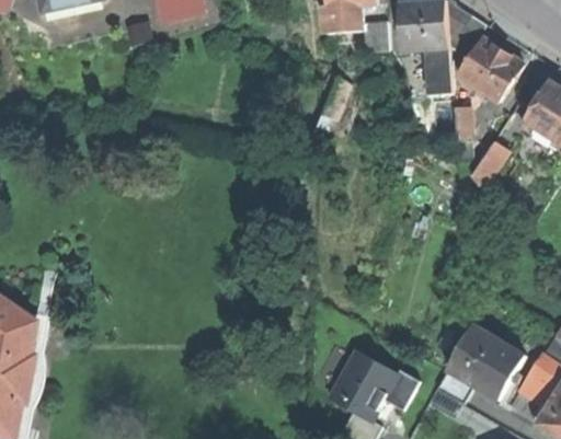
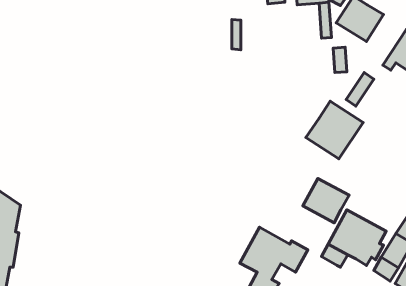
building: none -> [306,101,363,159]
building: none -> [303,178,349,223]

